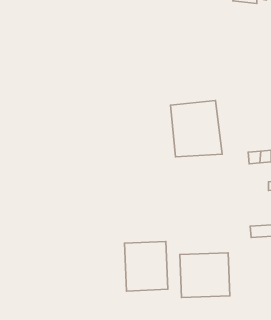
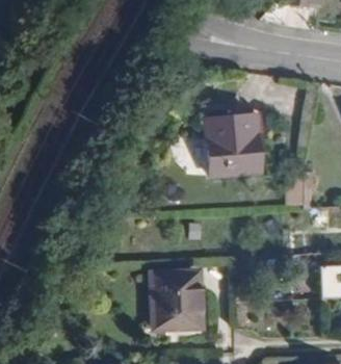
building: [180,253,230,297] -> none

